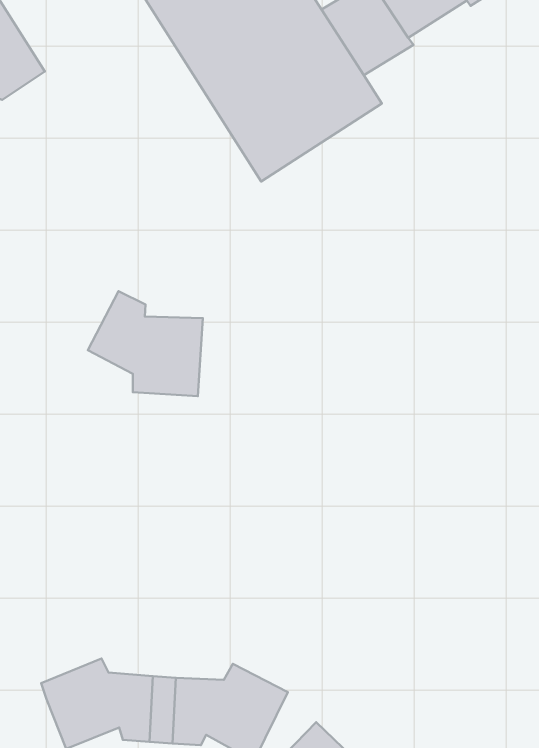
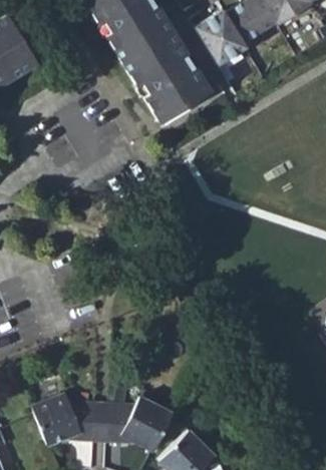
building: [88,291,203,396] -> none

